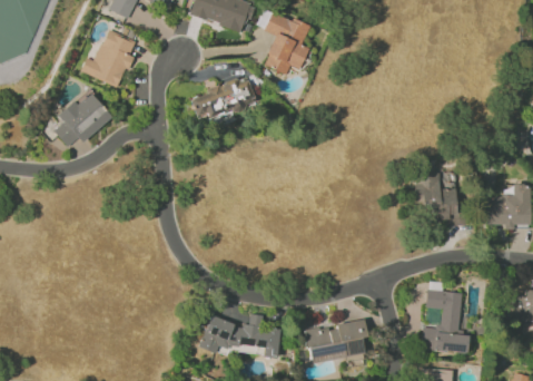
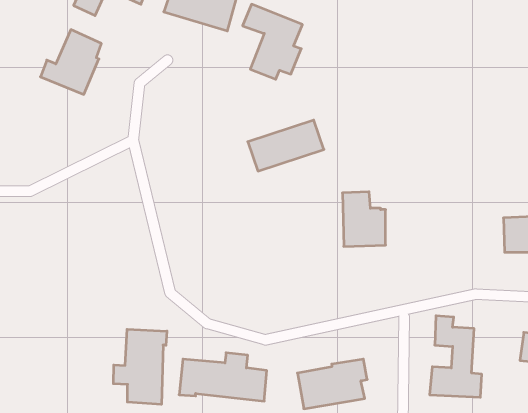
building: [189,77,256,121] -> [248,120,324,171]
building: [55,91,112,146] -> none
building: [416,170,454,218] -> [342,192,386,246]
building: none -> [113,329,167,404]

